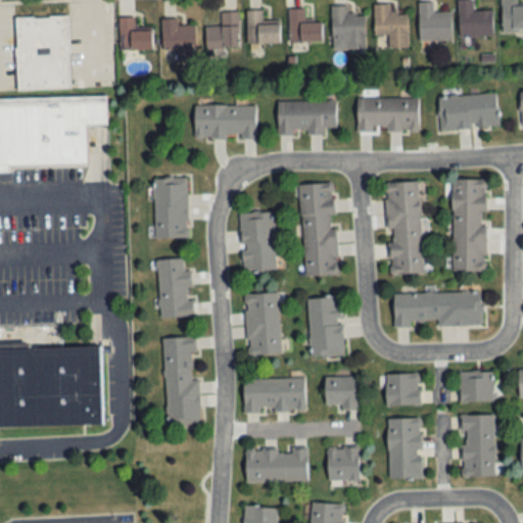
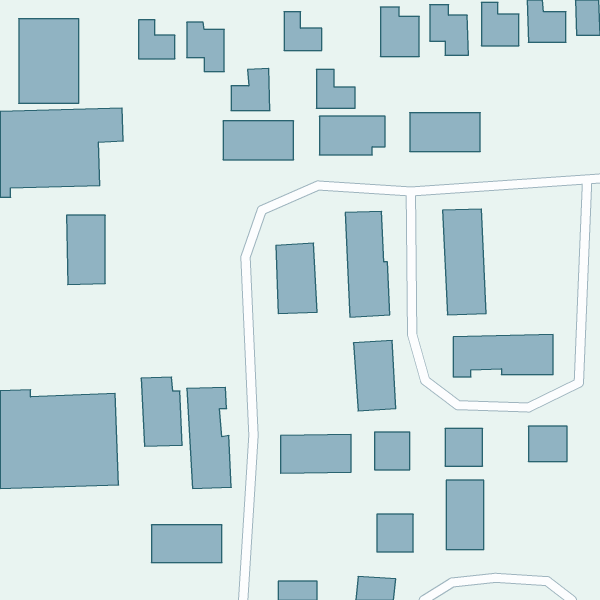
building: [289,8,323,42] -> [316,69,355,108]
building: [205,11,239,48] -> [231,68,270,111]
building: [438,94,498,131] -> none
building: [154,178,188,238] -> [67,215,105,285]
building: [453,180,486,271] -> none
building: [157,258,193,319] -> [141,377,182,446]
building: [244,293,281,355] -> none
building: [462,414,494,476] -> none
building: [246,448,307,481] -> [151,525,222,563]

